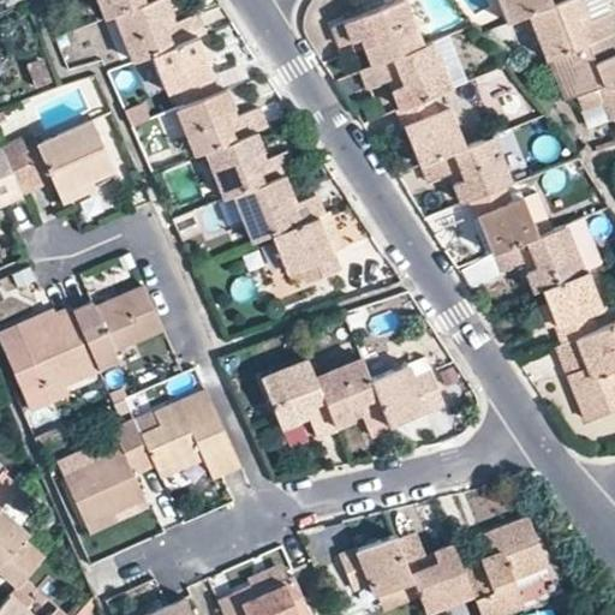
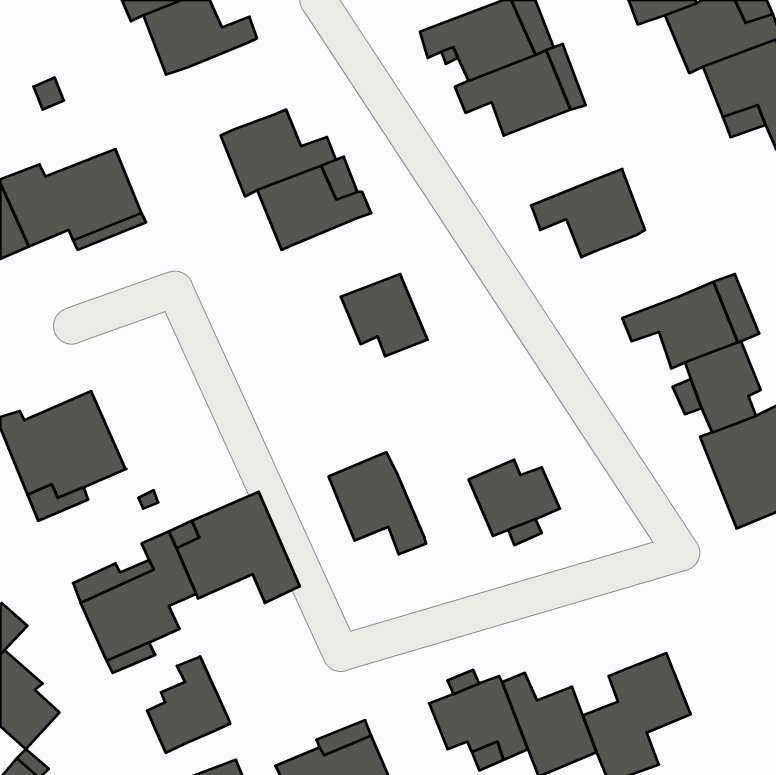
building: [150,36,219,105] -> none
building: [399,96,465,165] -> none
building: [232,174,324,244] -> none
building: [471,187,537,253] -> none
building: [73,285,166,371] -> none
building: [315,357,392,436] -> none
building: none -> [147,656,230,753]

